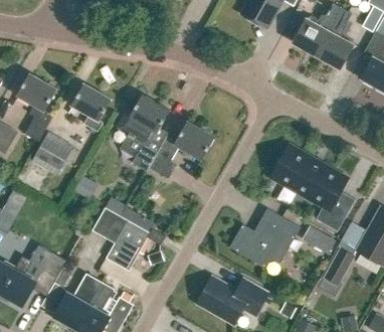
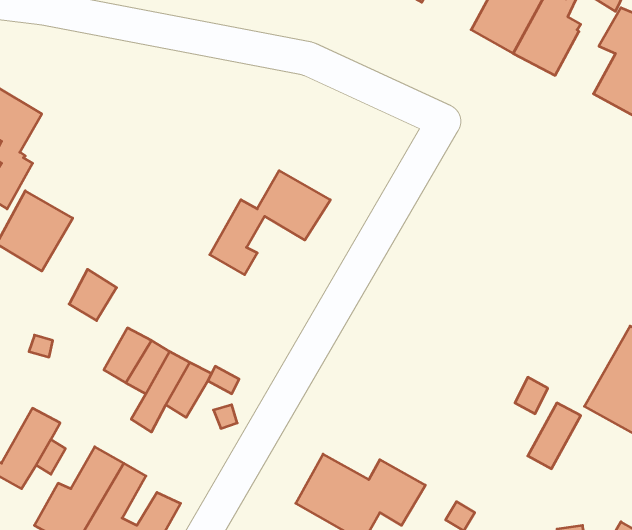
building: [71,82,112,131] -> none
building: [117,94,170,171] -> none
building: [270,143,356,230] -> none
building: [229,207,301,268] -> none

